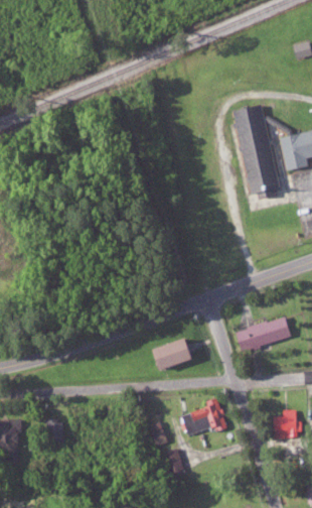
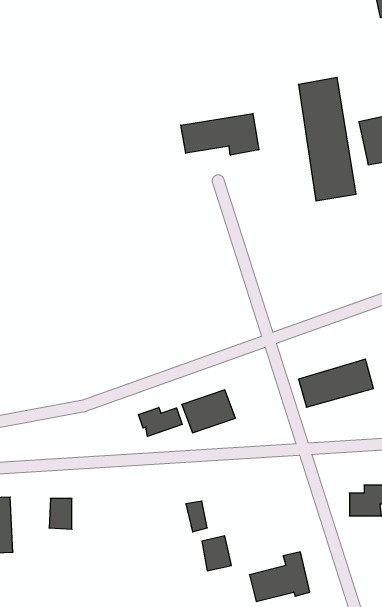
building: none -> [181,113,259,155]
building: none -> [138,407,182,436]
building: [181,397,226,434] -> [249,552,310,602]

